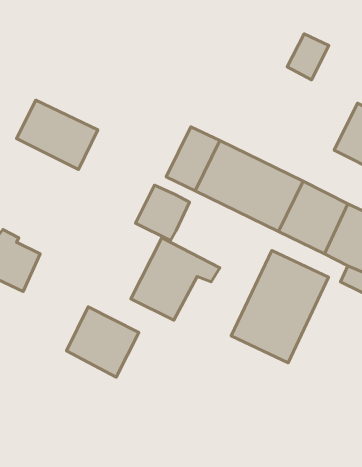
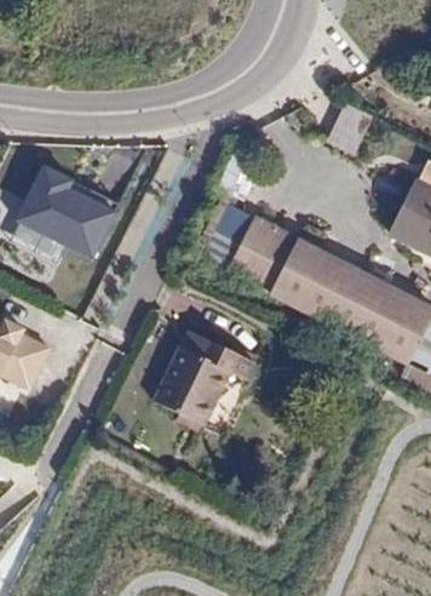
building: [136,185,189,240] -> none
building: [231,250,329,363] -> none
building: [66,307,139,377] -> none

